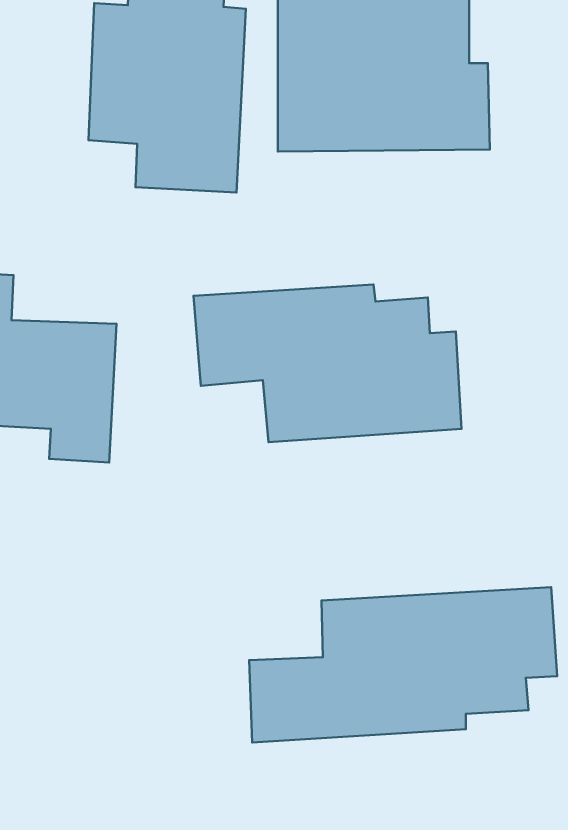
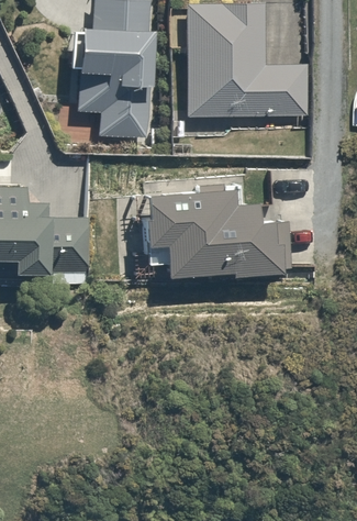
building: [249,587,557,743] -> none

